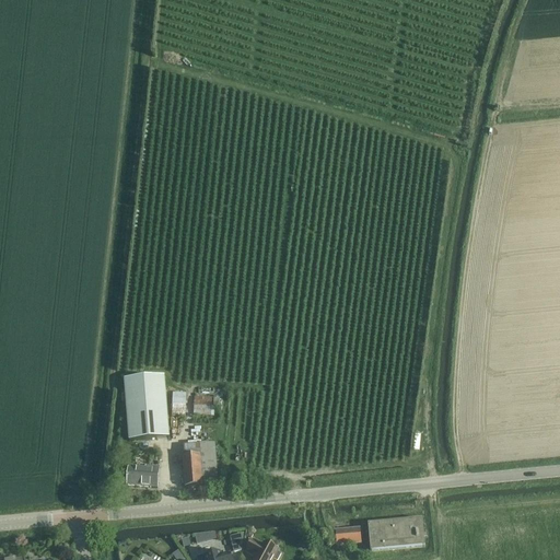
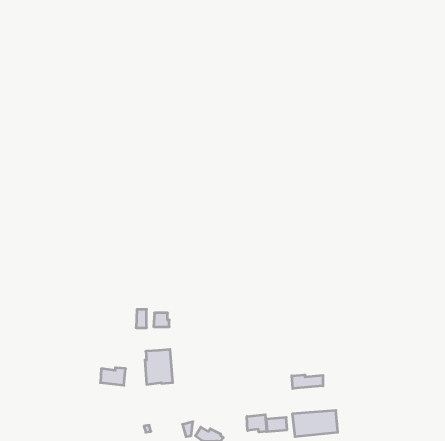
building: [122,375,168,440] -> none
building: none -> [292,375,323,389]
building: none -> [247,415,267,432]

